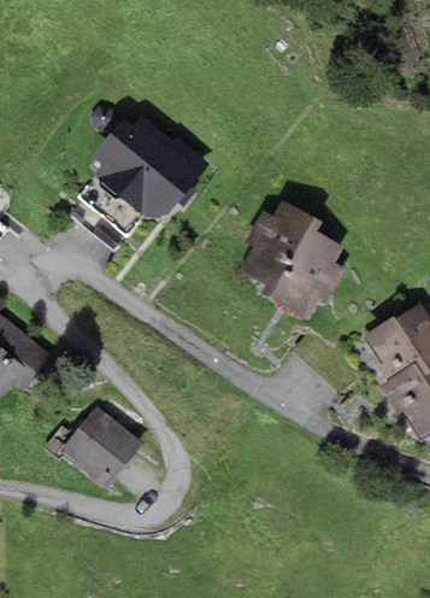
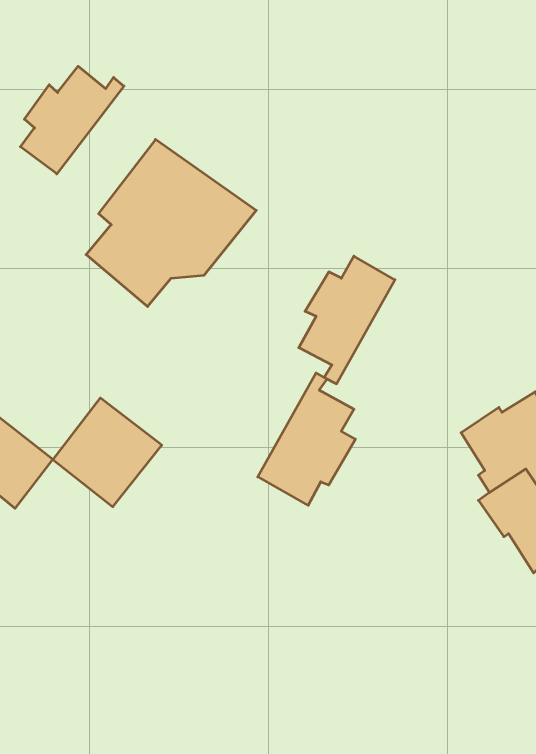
building: none -> [20,66,124,174]
building: [269,218,343,319] -> [258,373,355,505]
building: [59,408,142,491] -> [53,398,162,507]

